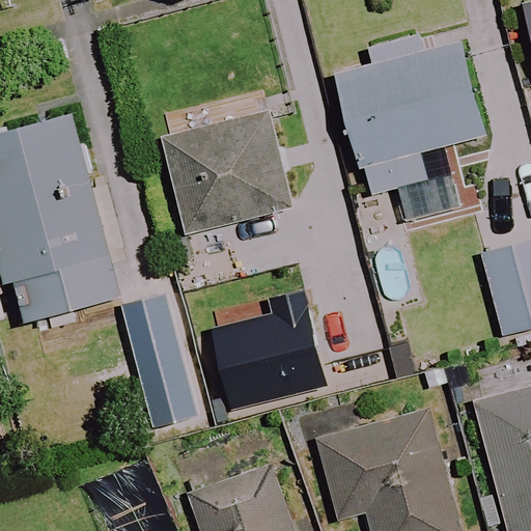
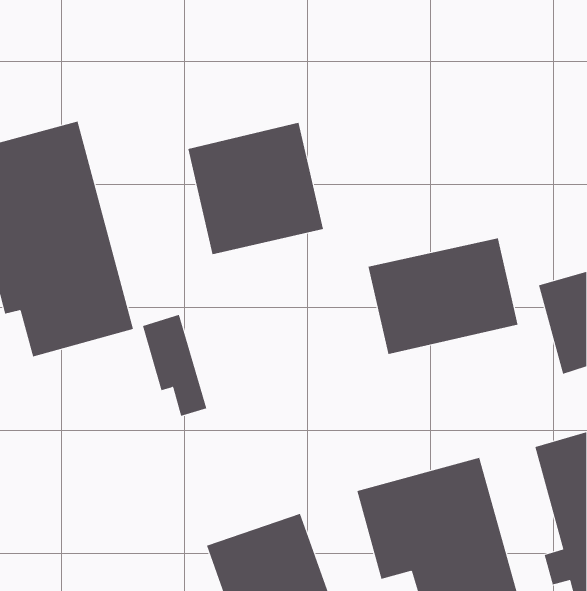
building: [333,41,484,221] -> none
building: none -> [368,237,518,355]
building: [215,305,329,407] -> none

